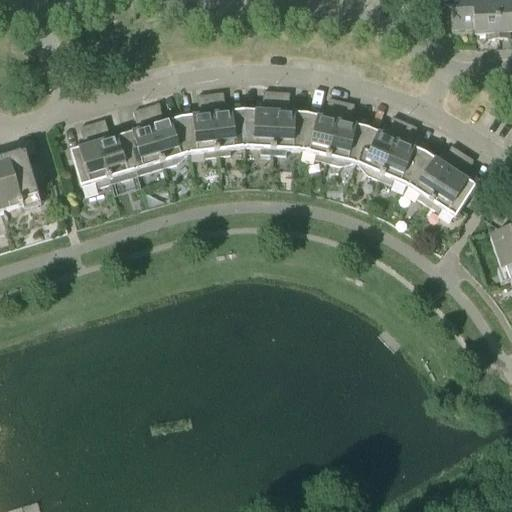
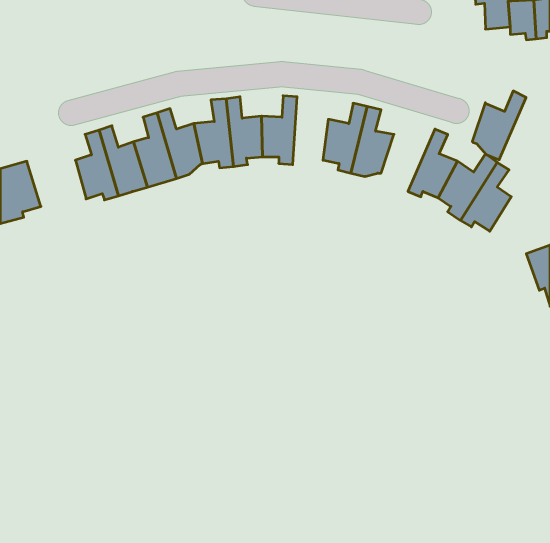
building: [272,90,305,154] -> none
building: [354,114,404,178] -> [472,91,526,160]

